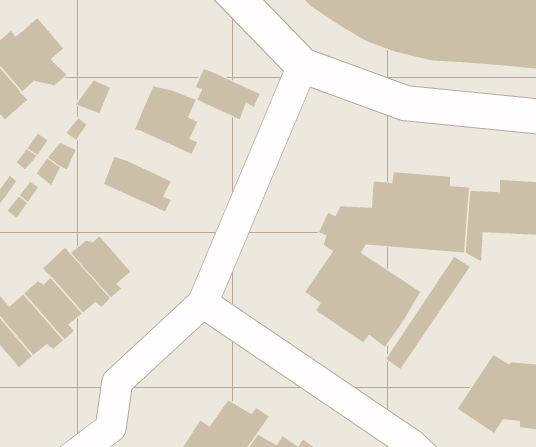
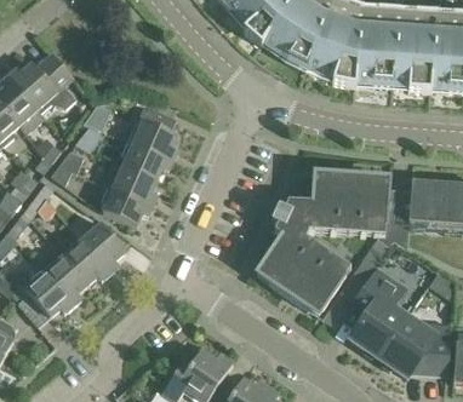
building: [195,69,260,120] -> [121,140,172,180]
building: none -> [102,183,152,225]
building: none -> [349,269,406,357]

